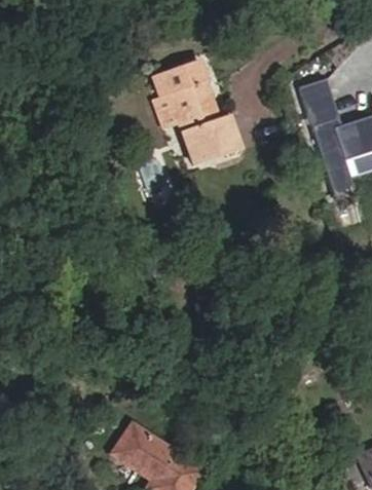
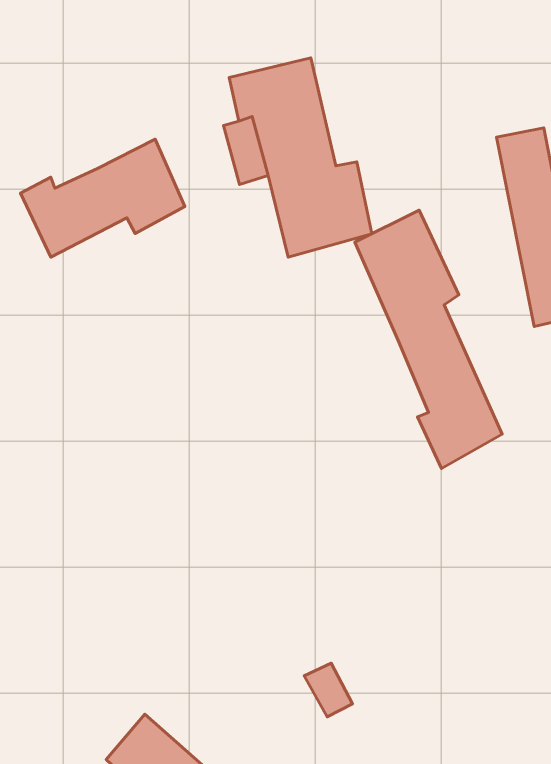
building: none -> [20,139,185,257]
building: none -> [355,210,502,468]

